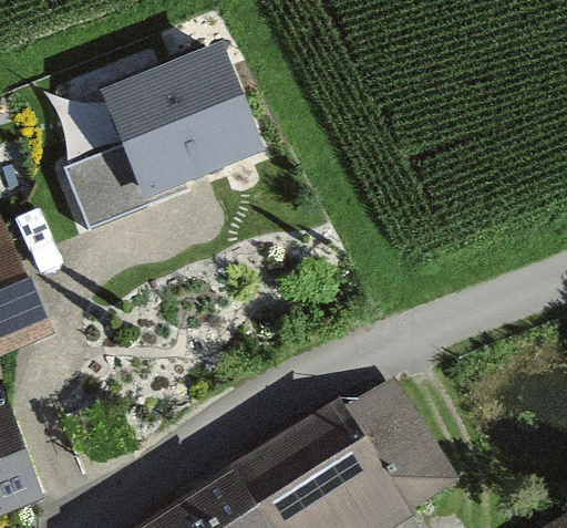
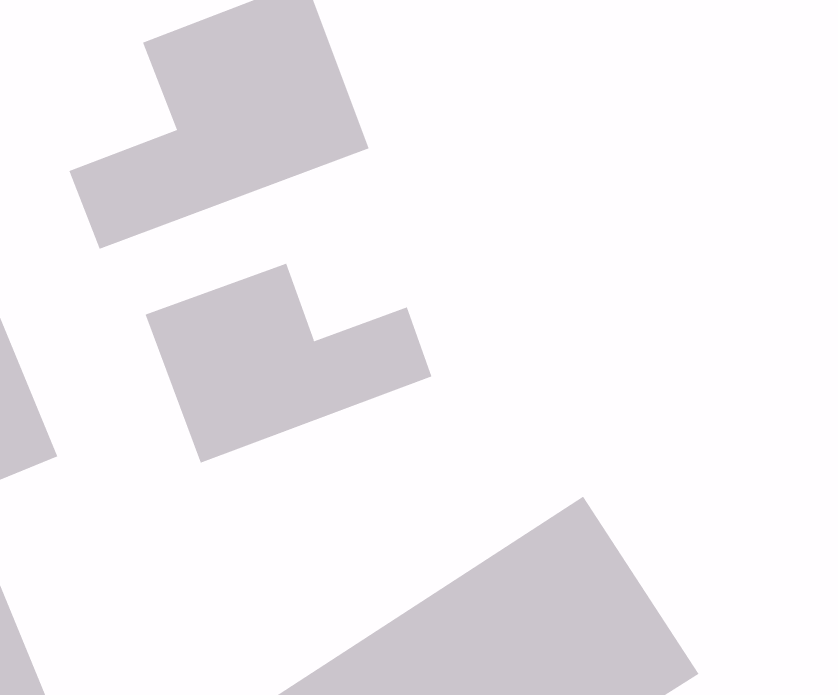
building: none -> [145,263,432,463]

